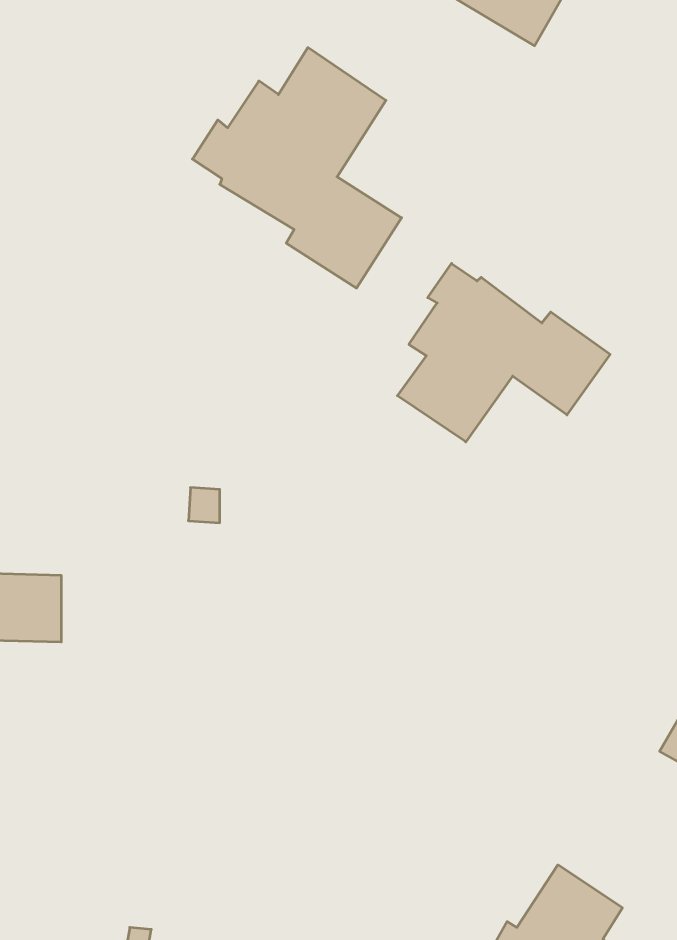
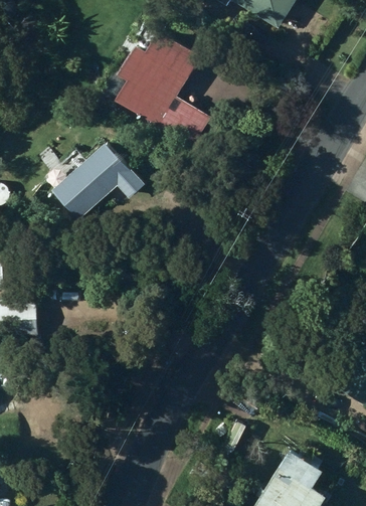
building: [397,263,610,442] -> none
building: none -> [52,142,145,219]

